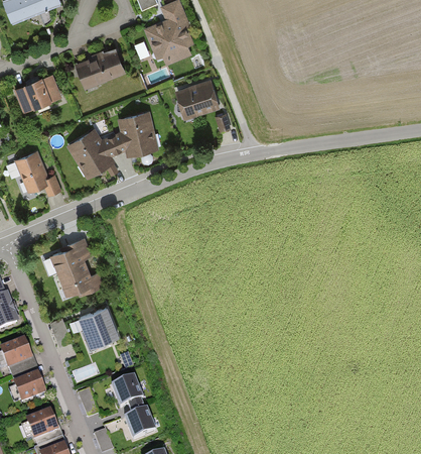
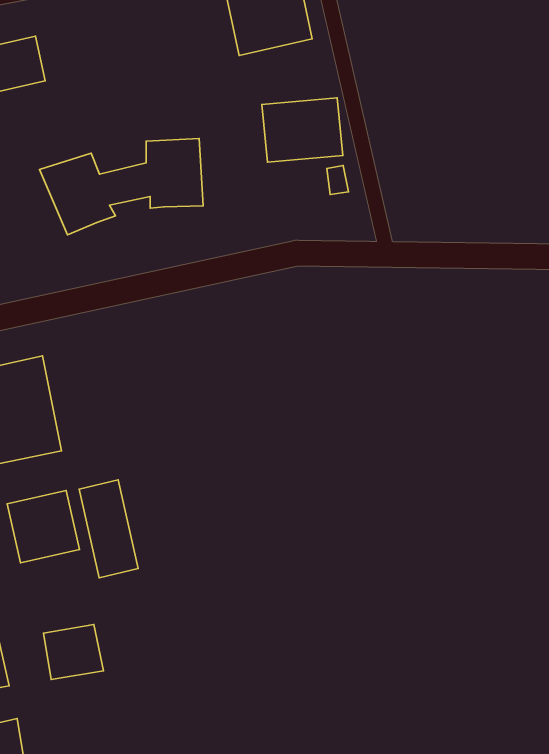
building: [77,54,125,89] -> none
building: none -> [79,480,138,578]
building: [121,404,155,437] -> none

